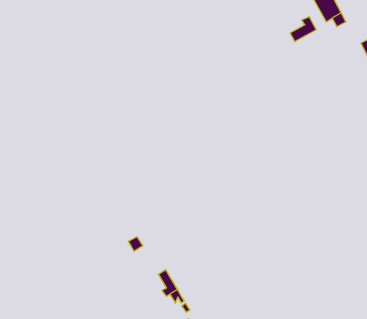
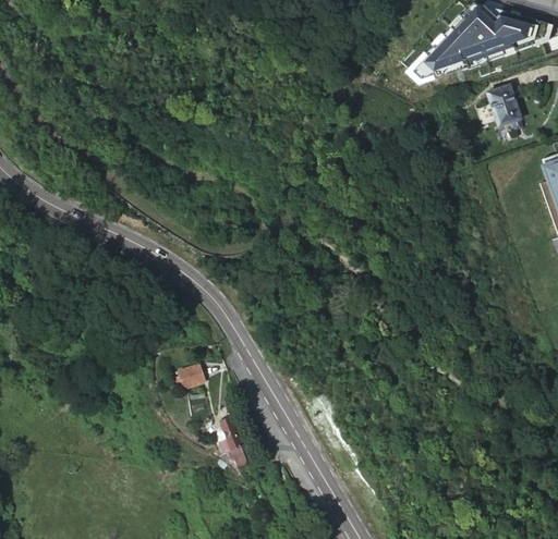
building: [290,17,316,42] -> none

